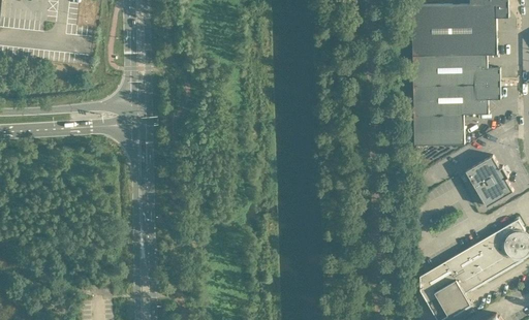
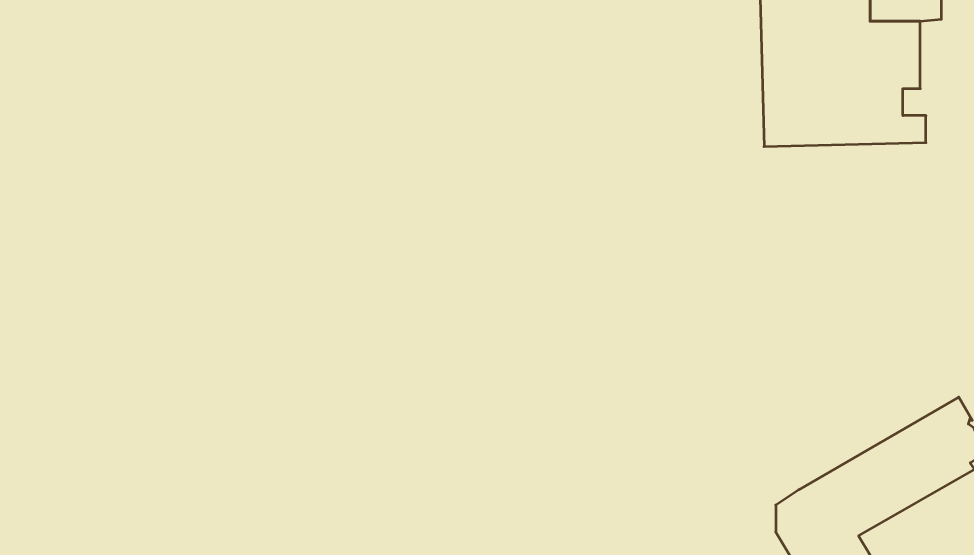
building: [412,84,500,146] -> none
building: [465,156,512,207] -> none

